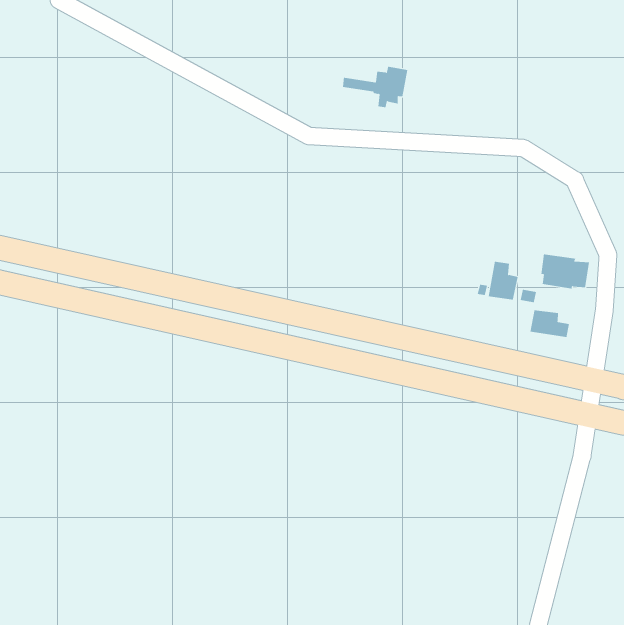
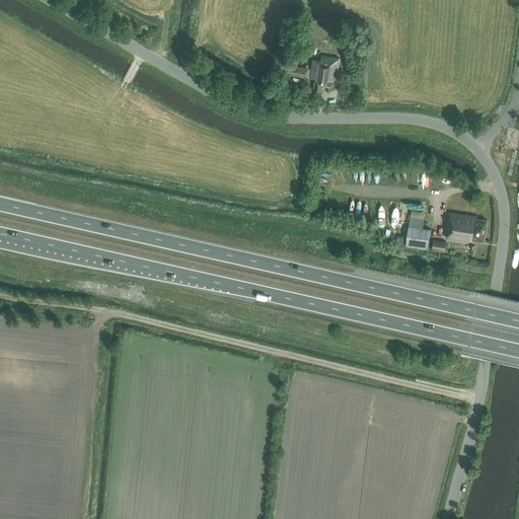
building: [530,310,569,338] -> none

